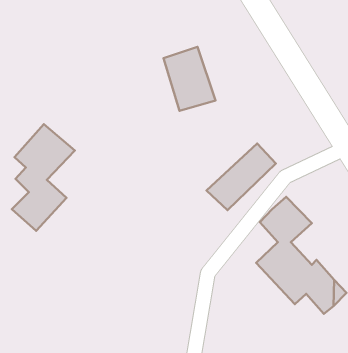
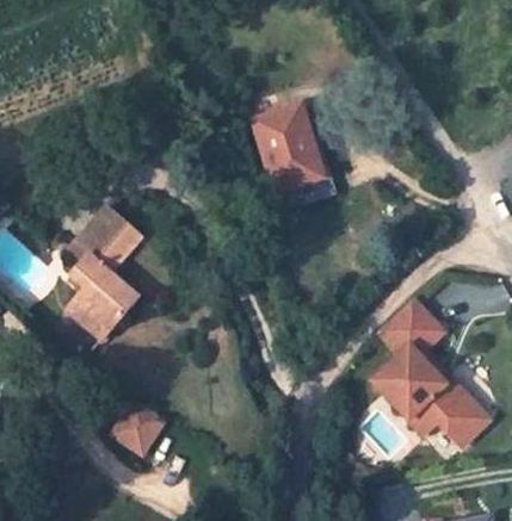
building: [207,143,276,210] -> none
building: none -> [111,402,162,455]

